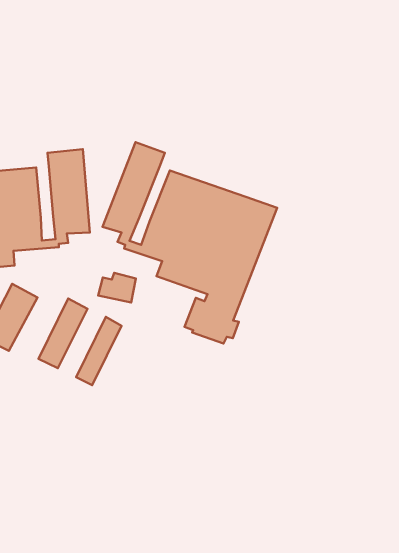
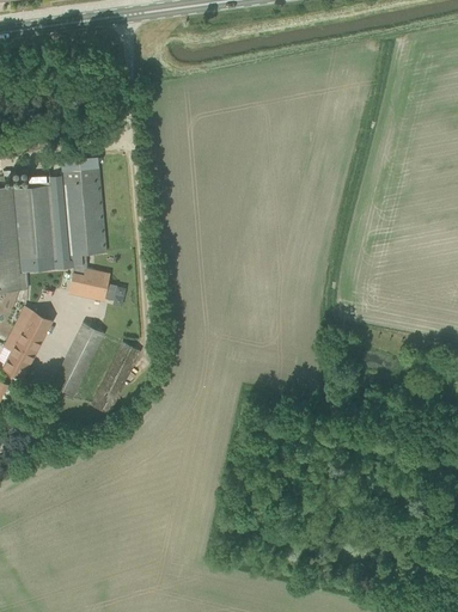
building: [102,142,277,344] -> none
building: [98,273,136,302] -> [68,269,108,300]

